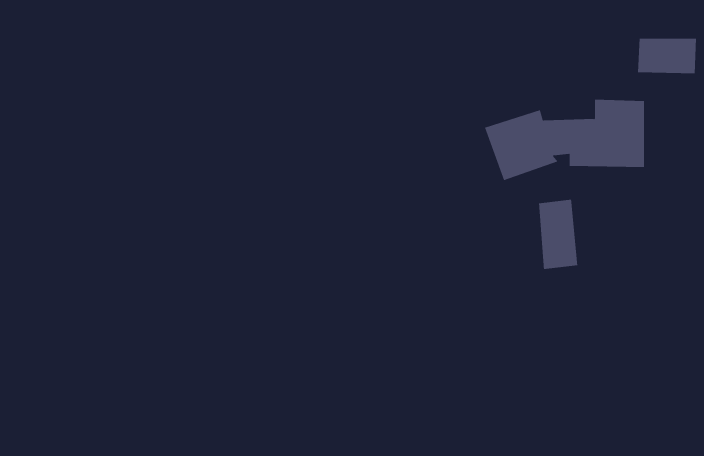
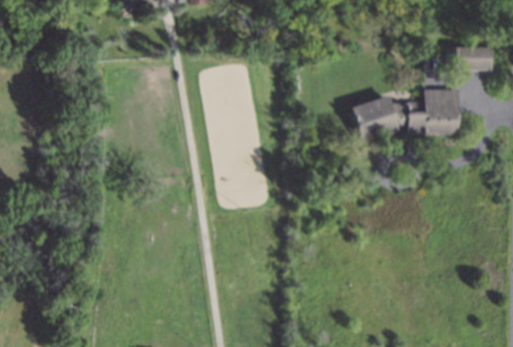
building: [539,199,578,270] -> none

